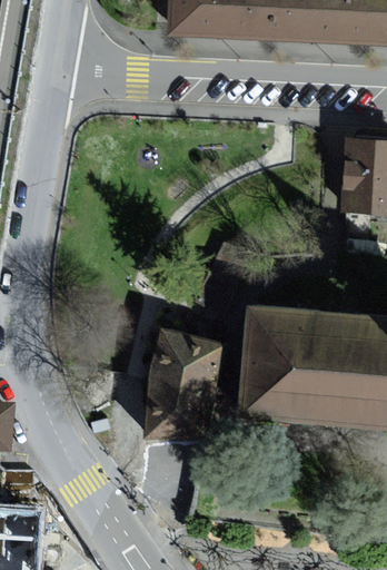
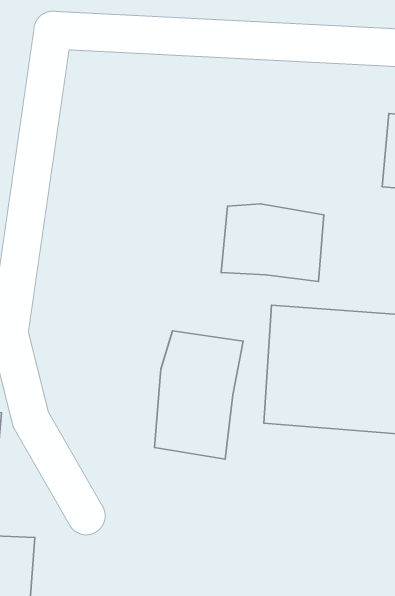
building: none -> [221,204,324,281]

